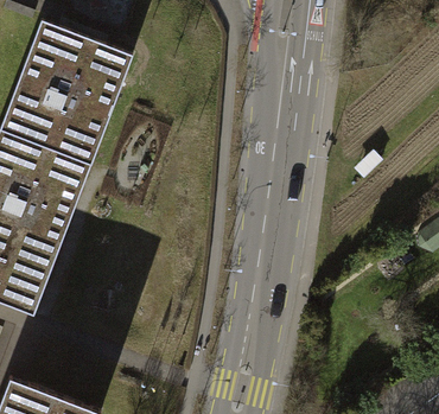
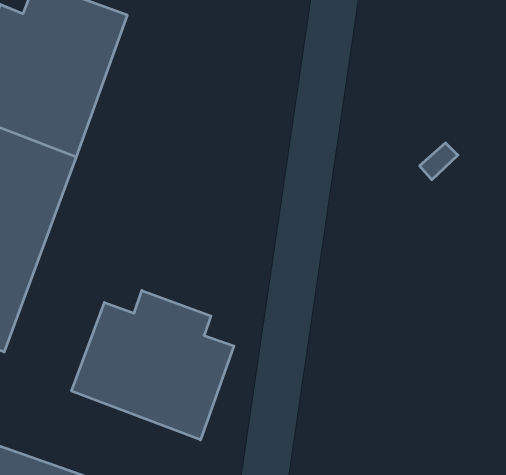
building: none -> [72,290,234,440]

